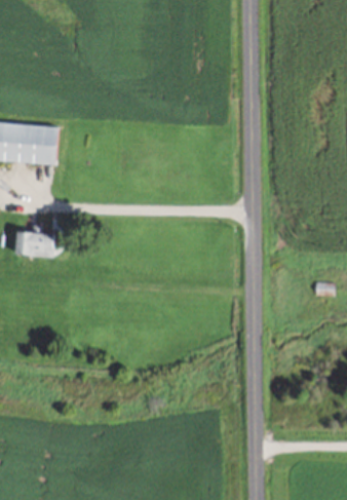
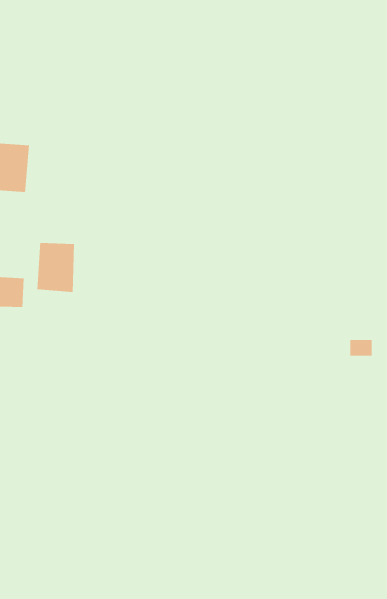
building: none -> [37,242,75,293]

